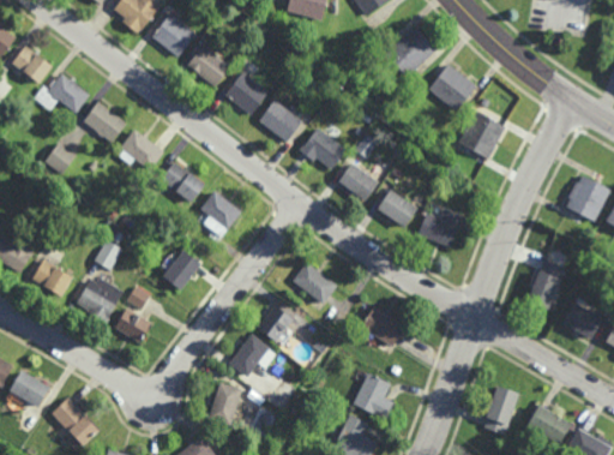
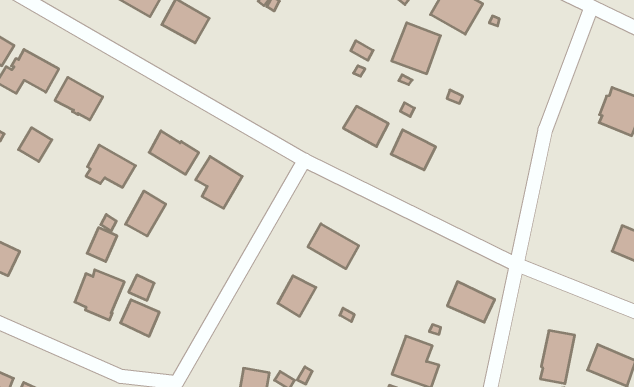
building: [224,71,269,115] -> none
building: [258,100,302,142] -> none
building: [458,110,505,158] -> [392,23,441,74]
building: [299,127,345,169] -> none
building: [119,130,164,170] -> [86,145,136,187]
building: [417,211,463,249] -> none
building: [163,250,201,291] -> [125,191,166,236]
building: [32,258,73,295] -> none
building: [526,259,564,310] -> none
building: [361,307,404,347] -> [447,282,495,322]
building: [229,334,275,377] -> none

